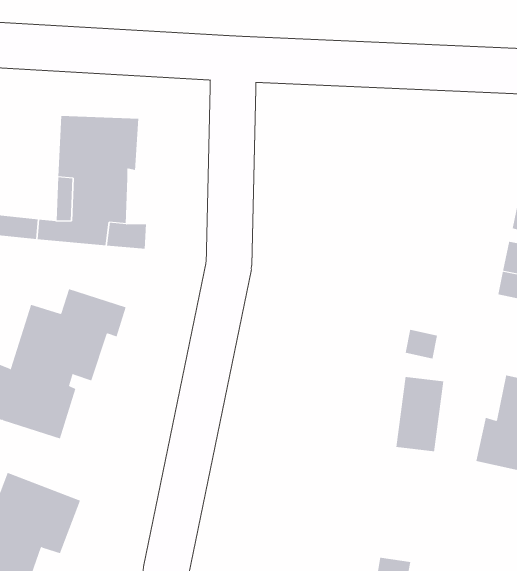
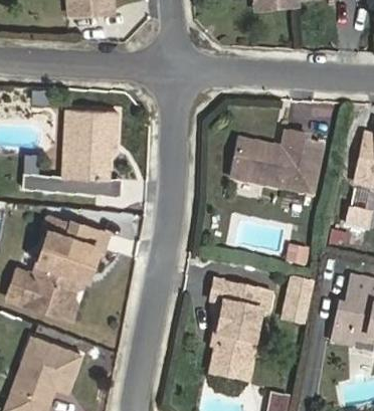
building: none -> [231,132,322,192]
building: none -> [210,278,272,383]

